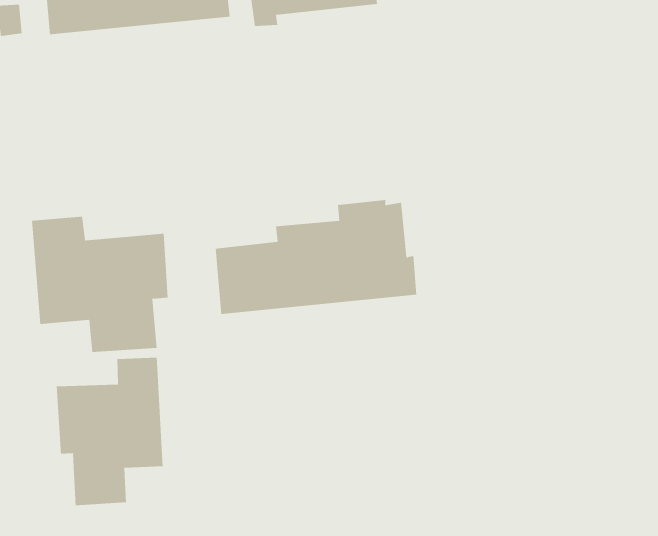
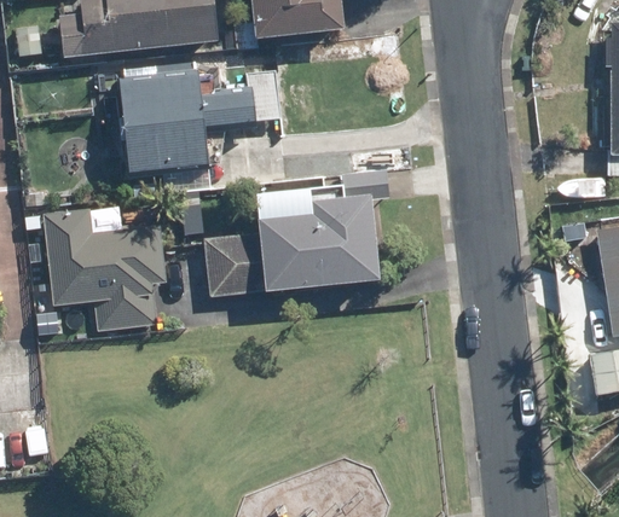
building: none -> [97,64,280,196]
building: [56,357,163,506] -> none

